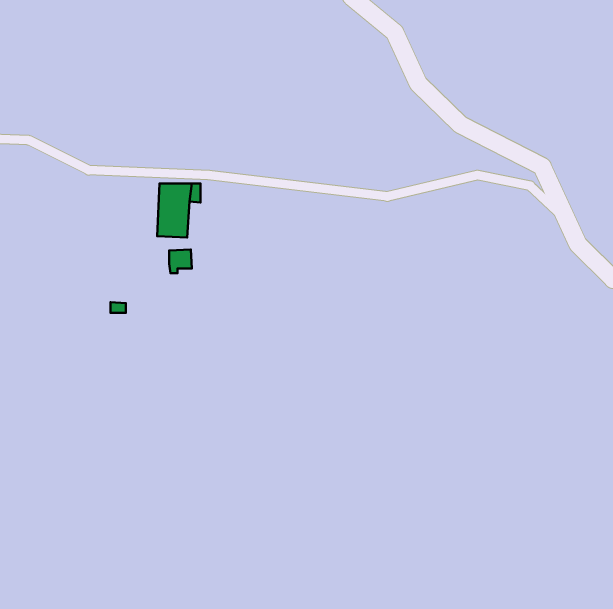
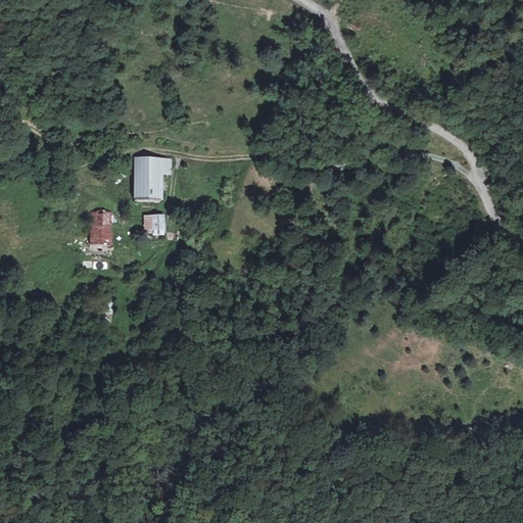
building: none -> [89,212,113,250]

